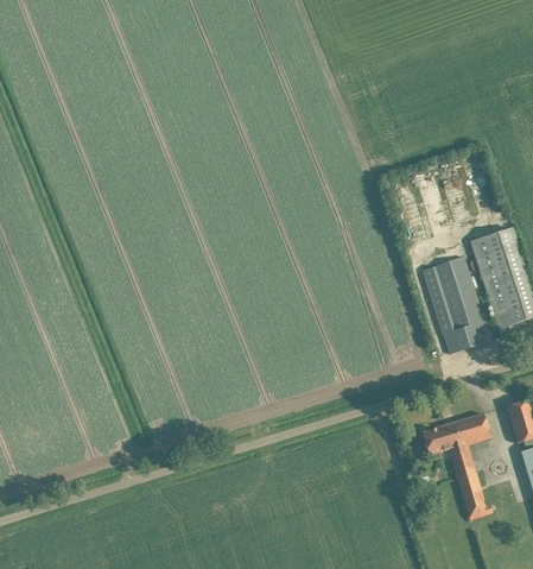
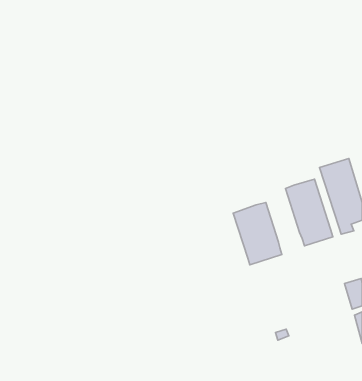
building: none -> [233,202,282,265]
building: [423,413,493,519] -> none

